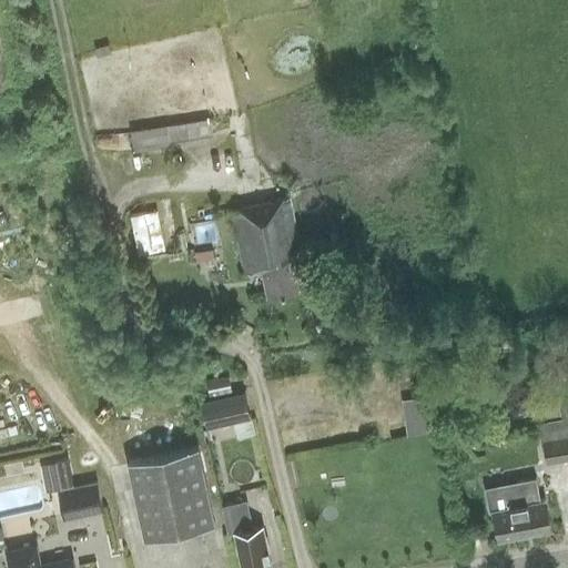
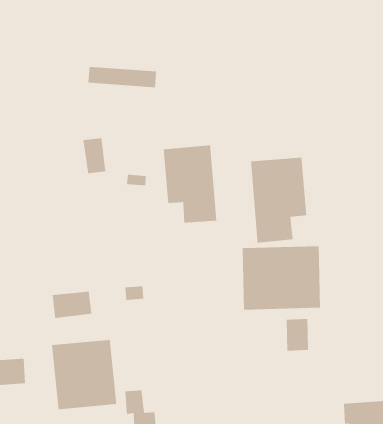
building: none -> [250,157,307,243]
building: none -> [242,245,320,310]
building: [200,395,251,433] -> [52,291,92,318]

